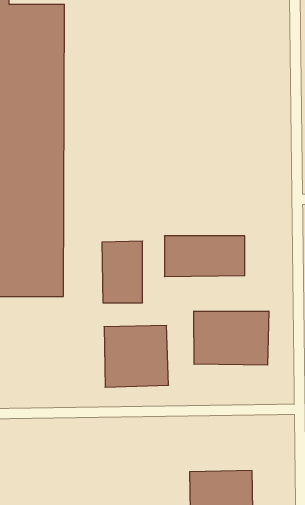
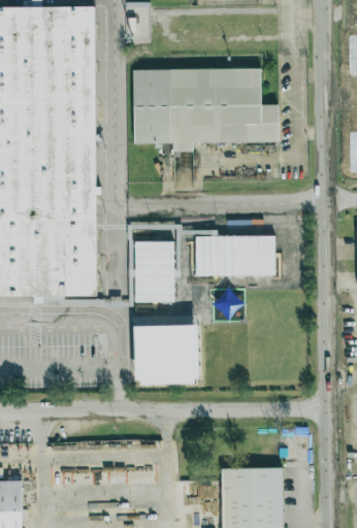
building: none -> [133,69,278,151]
building: [194,311,269,365] -> none

